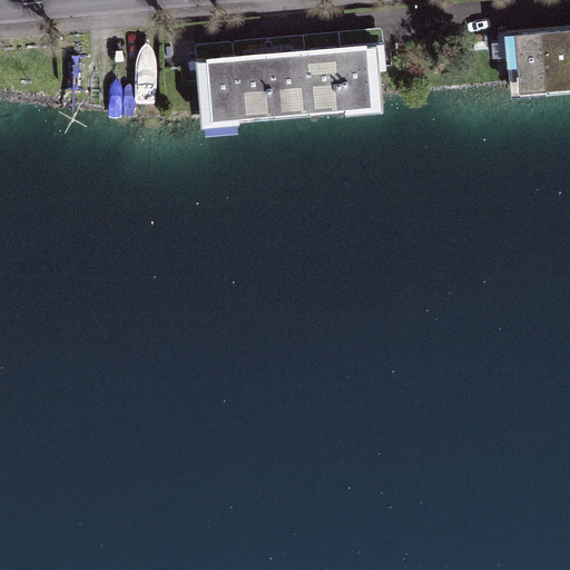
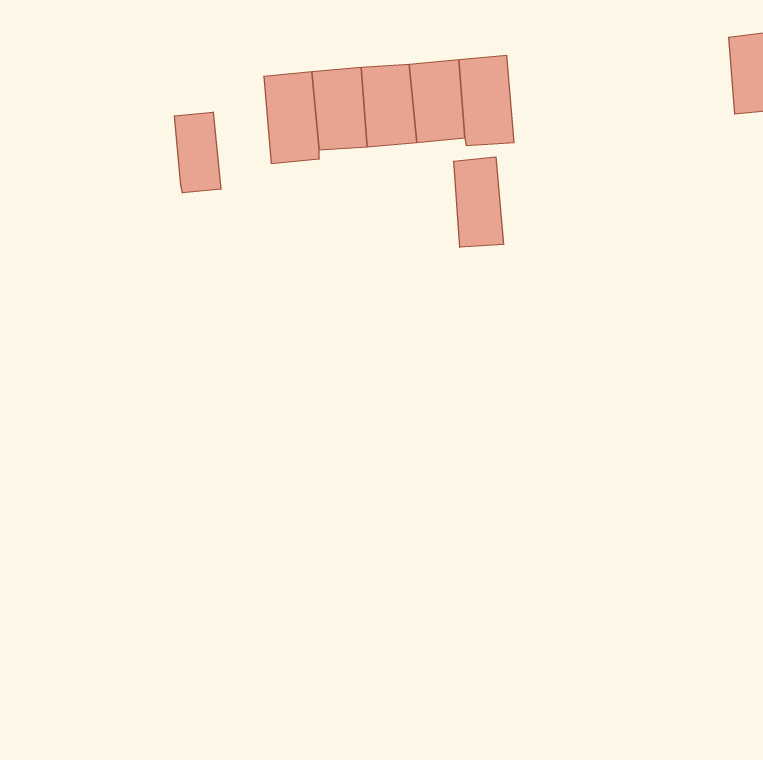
building: [508,32,548,92] -> none
building: none -> [175,112,221,193]
building: none -> [454,157,503,247]

